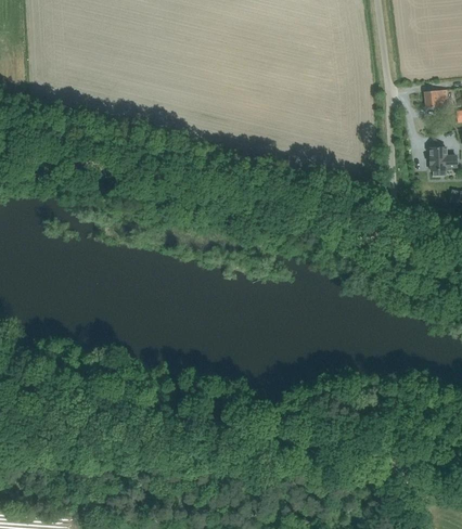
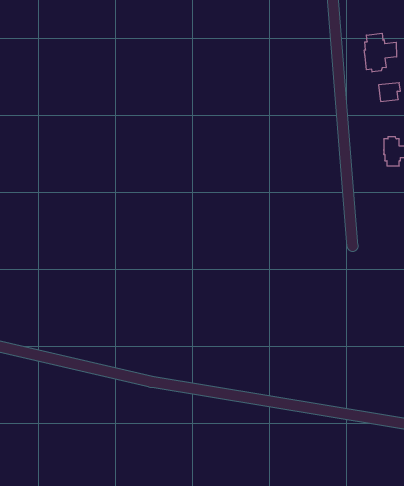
building: none -> [364,33,397,72]

